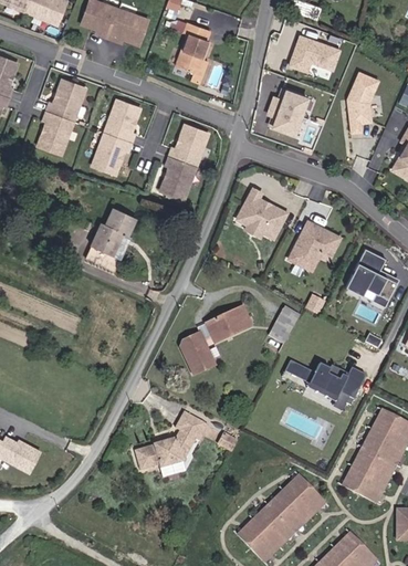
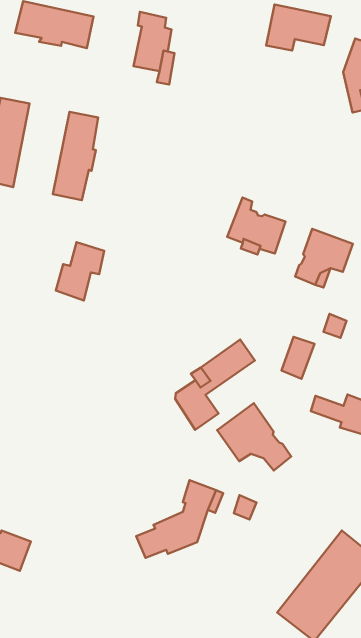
building: [265,86,312,137] -> none
building: [164,123,210,197] -> none
building: none -> [217,403,291,470]

